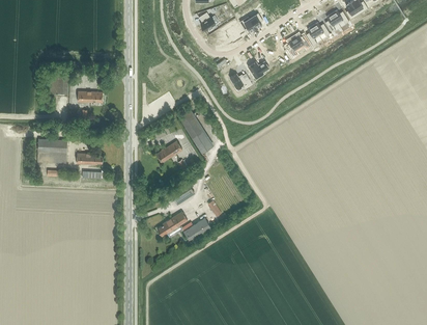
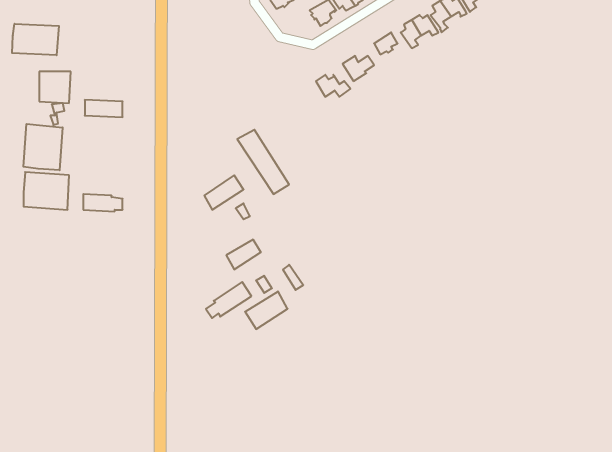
building: none -> [12,24,59,55]
building: none -> [23,124,63,170]

